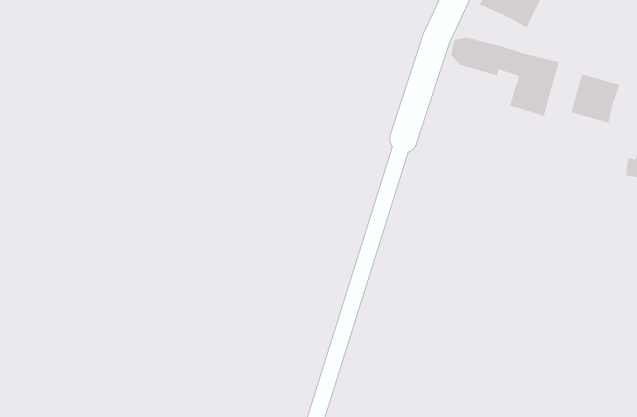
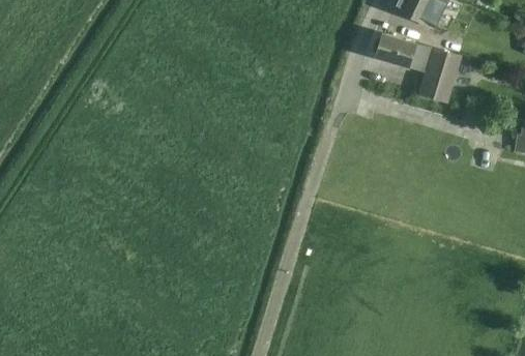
building: [571,74,620,124] -> none

